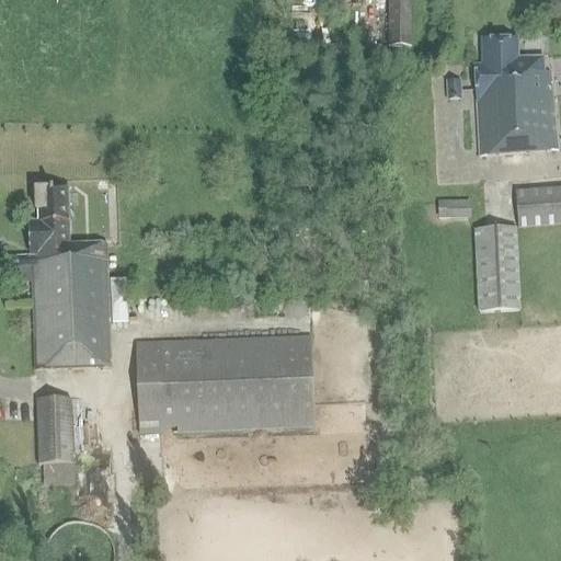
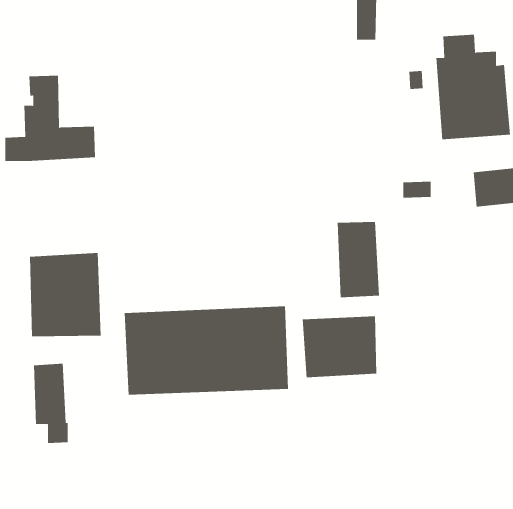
building: [9,185,108,279] -> [4,75,96,162]
building: [474,226,522,309] -> [337,221,380,298]
building: none -> [302,316,377,378]

